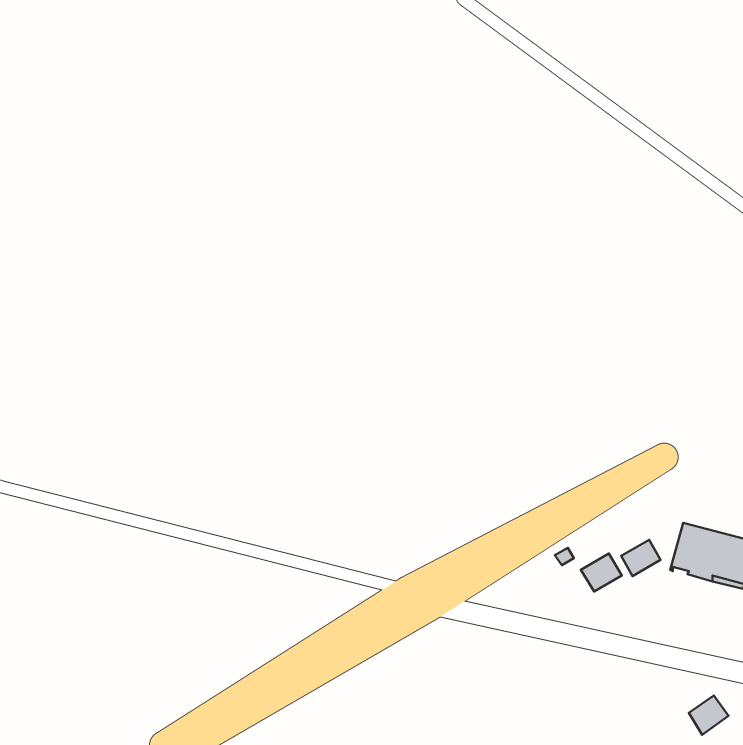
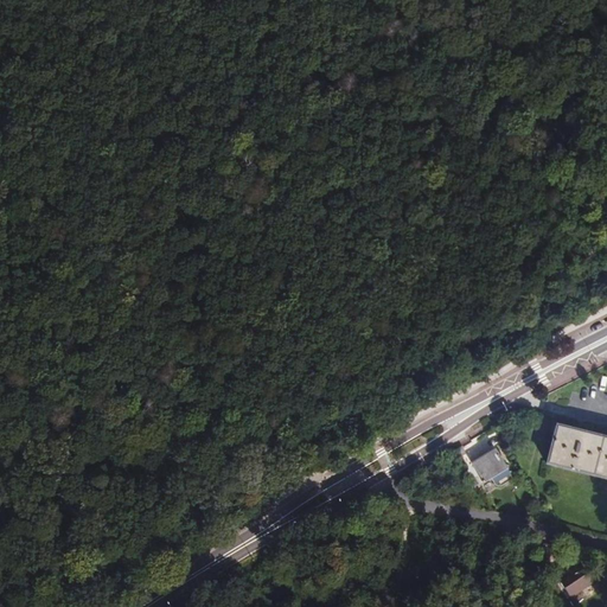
building: [621,540,660,576] -> none

